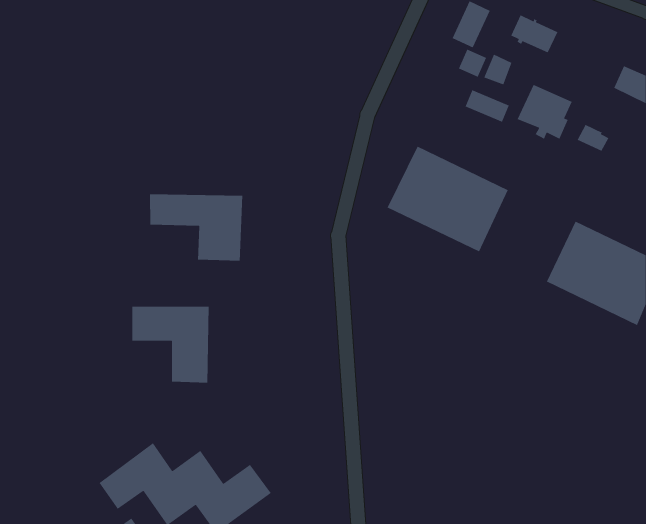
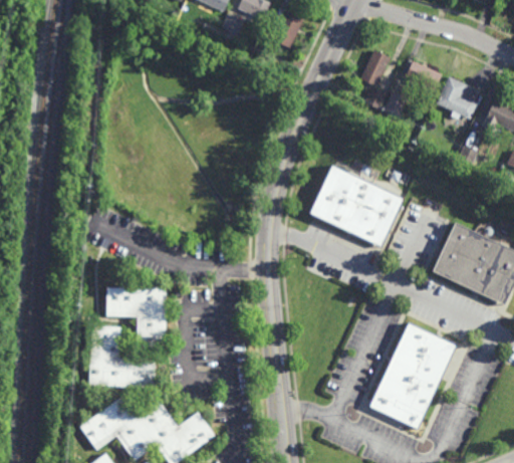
building: [517,84,573,140] -> [436,74,480,119]
building: [464,89,510,123] -> none
building: [149,194,243,261] -> none
building: none -> [368,322,457,430]
building: none -> [89,325,157,390]

